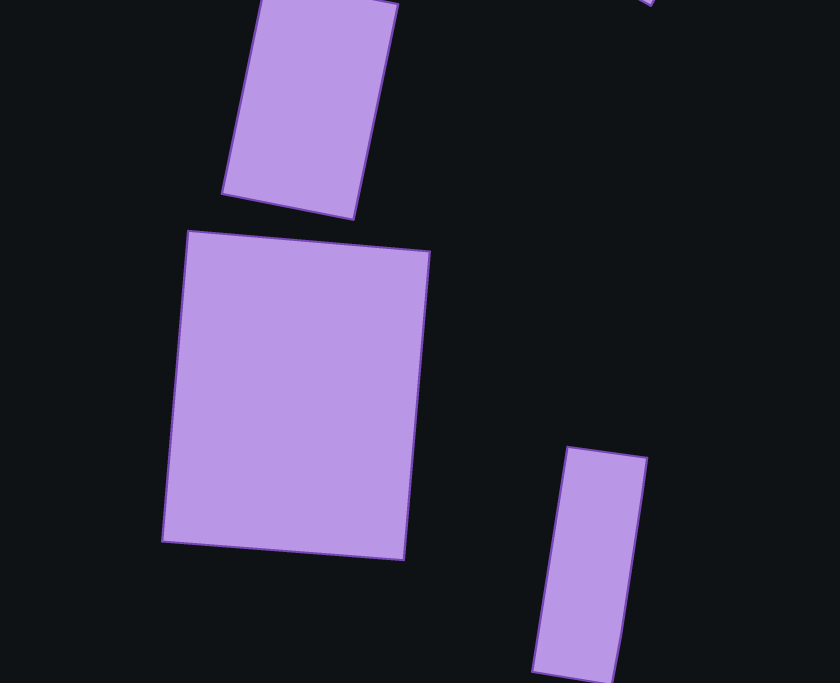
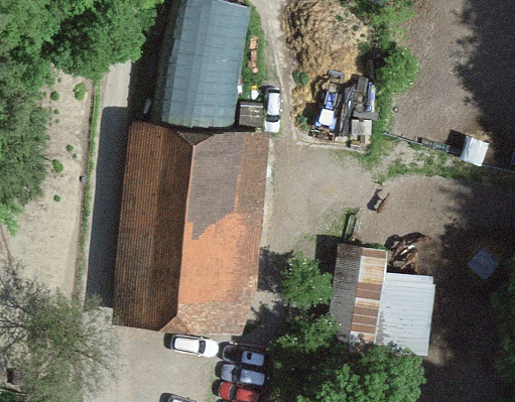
building: none -> [371,272,436,355]

